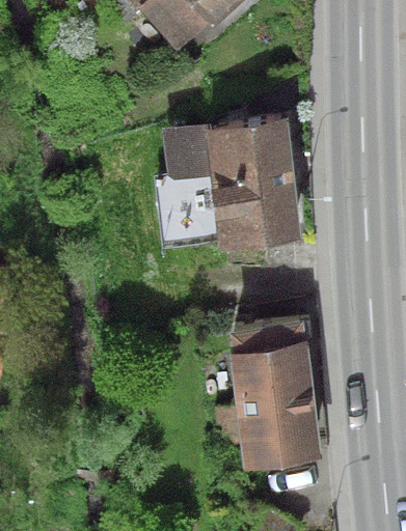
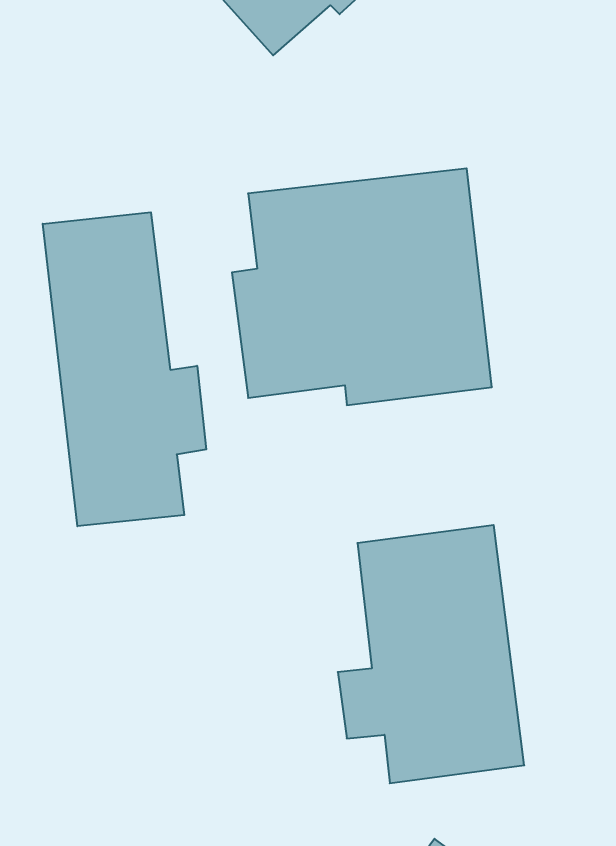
building: none -> [43,212,206,526]

